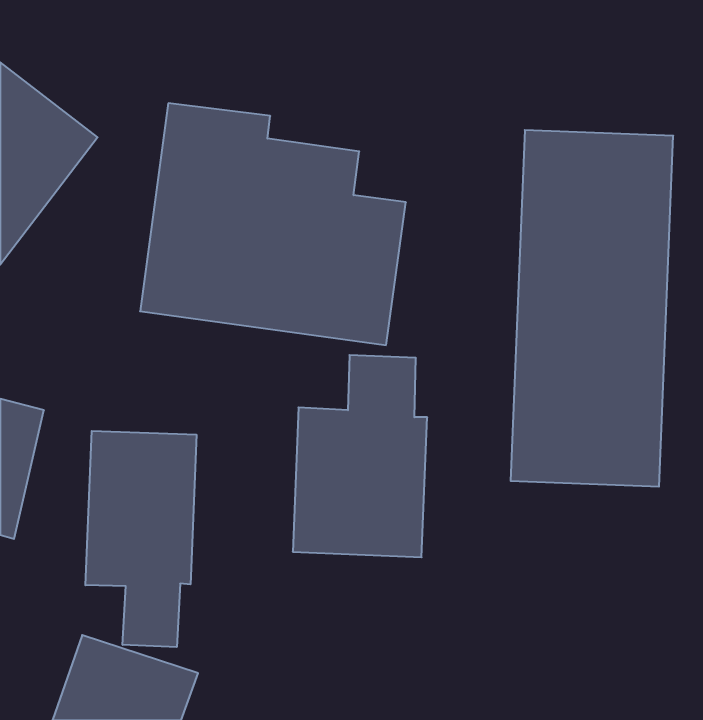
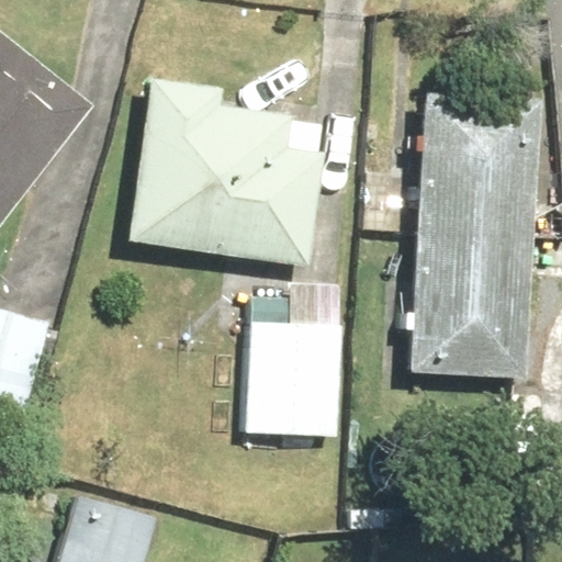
building: [85,431,196,647] -> none

